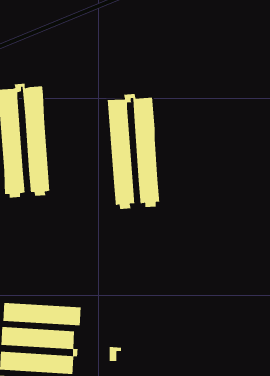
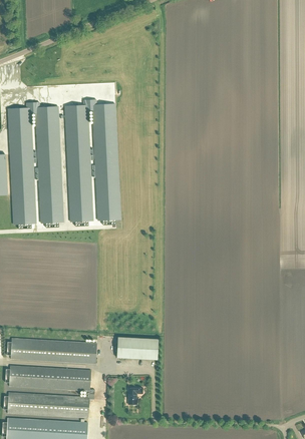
building: [107,93,160,210] -> [61,94,119,222]
building: none -> [116,338,159,361]

